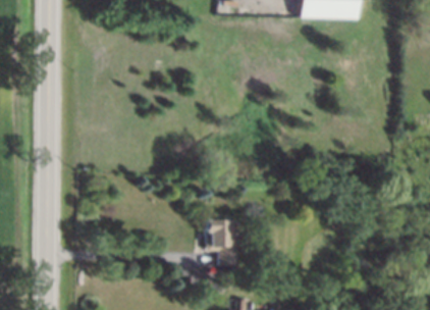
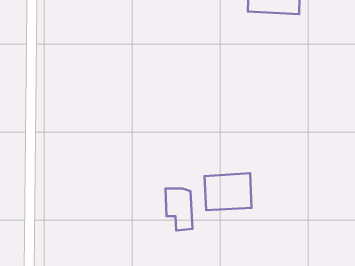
building: none -> [205,173,251,210]

